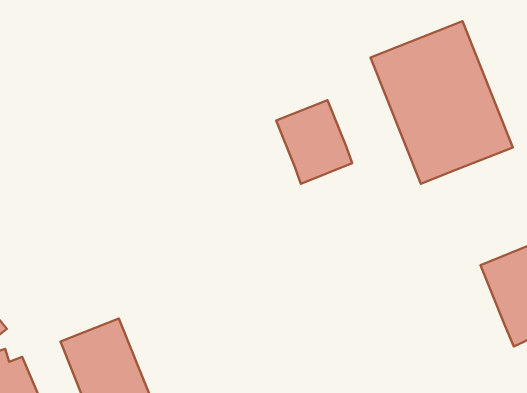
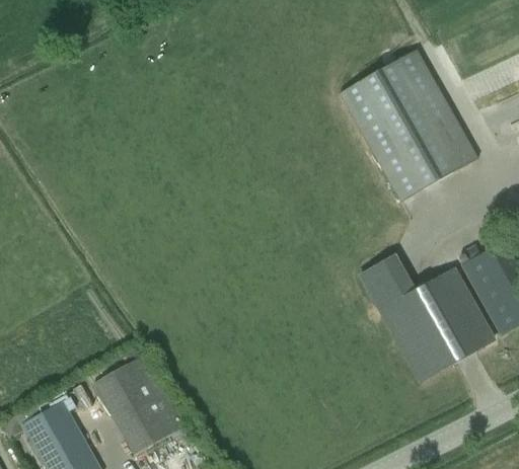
building: [276,100,352,184] -> none
building: none -> [360,253,492,380]

